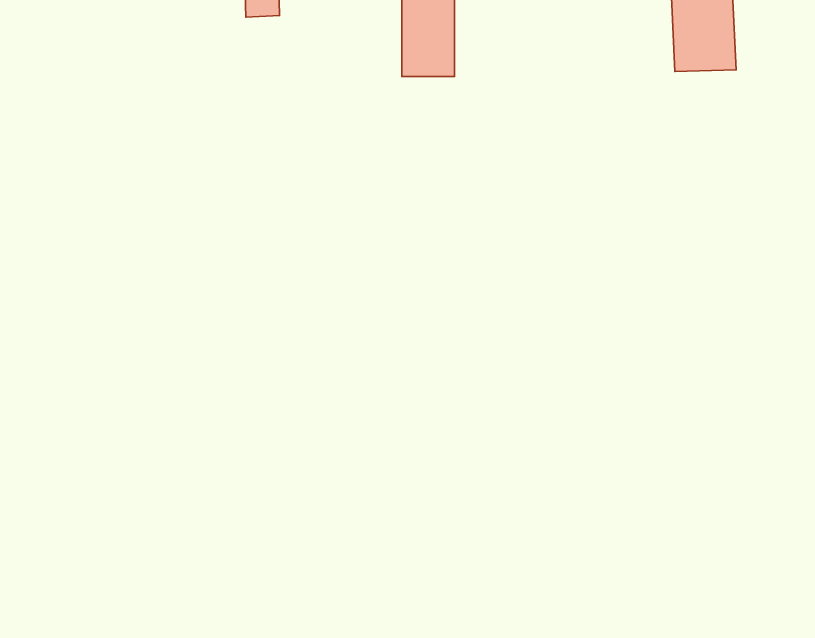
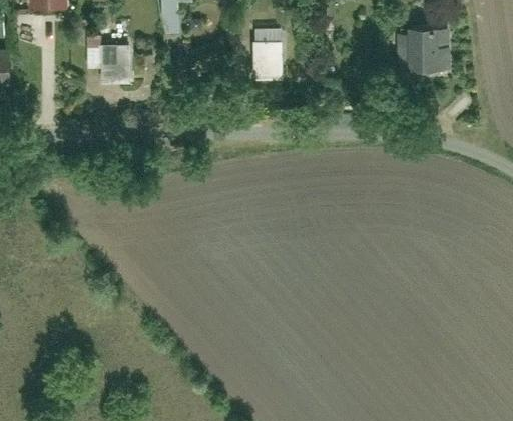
building: none -> [101,43,129,89]

